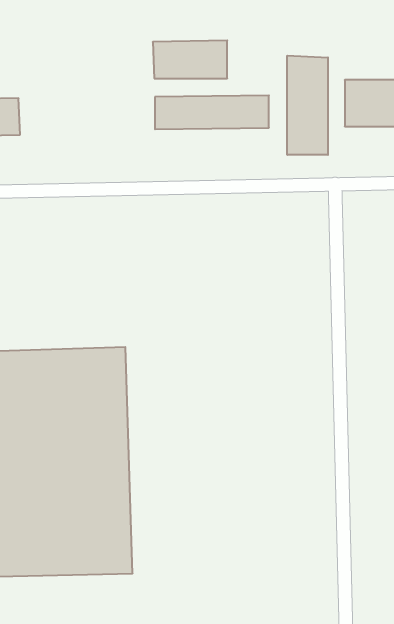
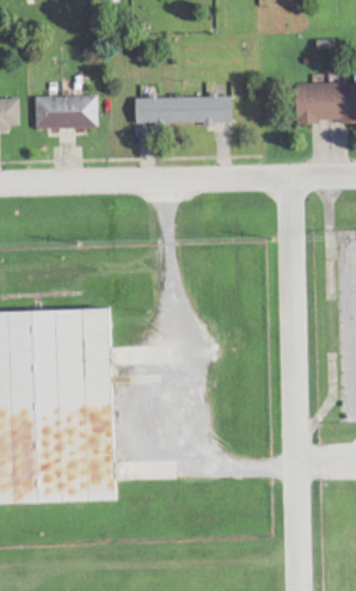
building: [153,40,227,78] -> [33,94,97,127]
building: [287,56,328,155] -> none

